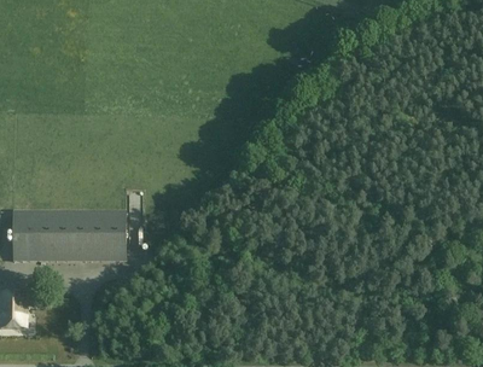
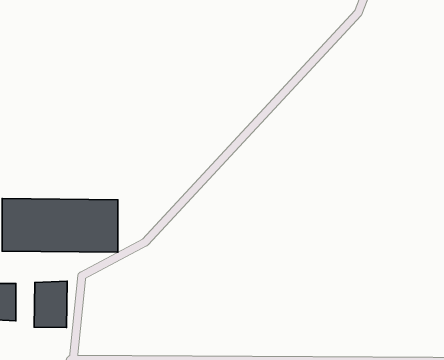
building: none -> [34,281,67,328]

